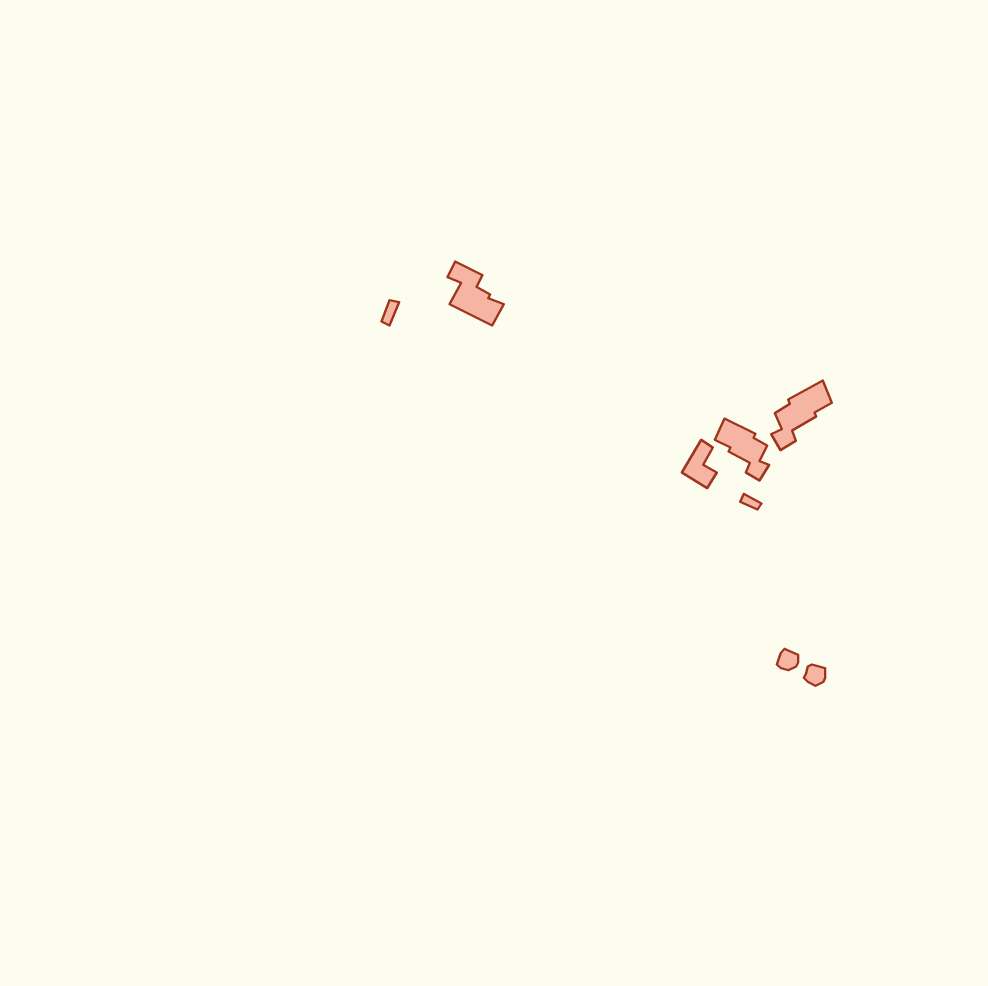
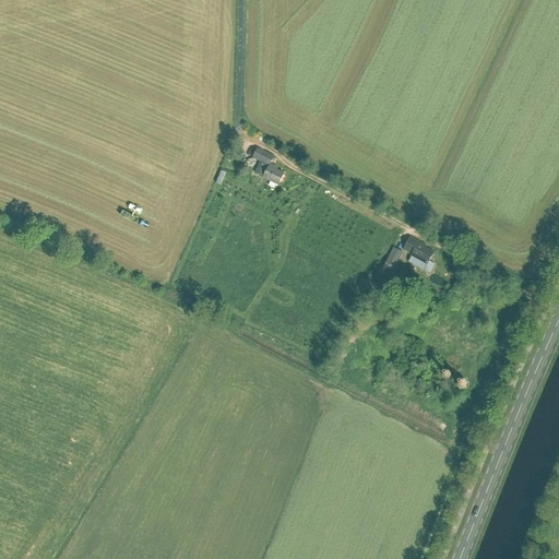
building: [771,380,832,450] -> none

